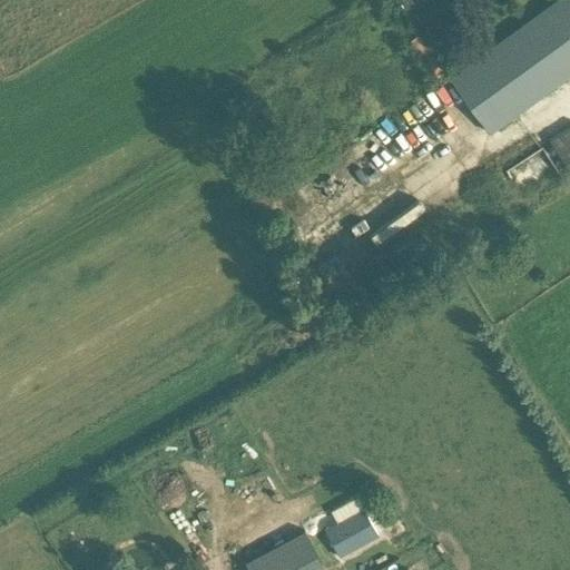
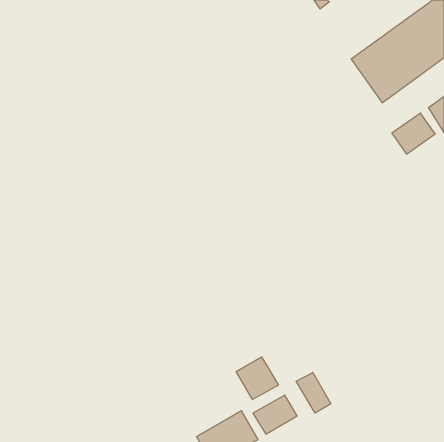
building: none -> [236,357,278,400]
building: none -> [296,372,331,413]

